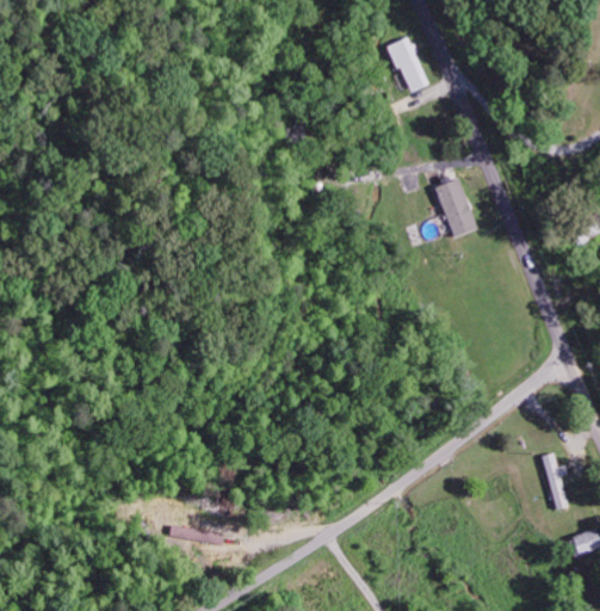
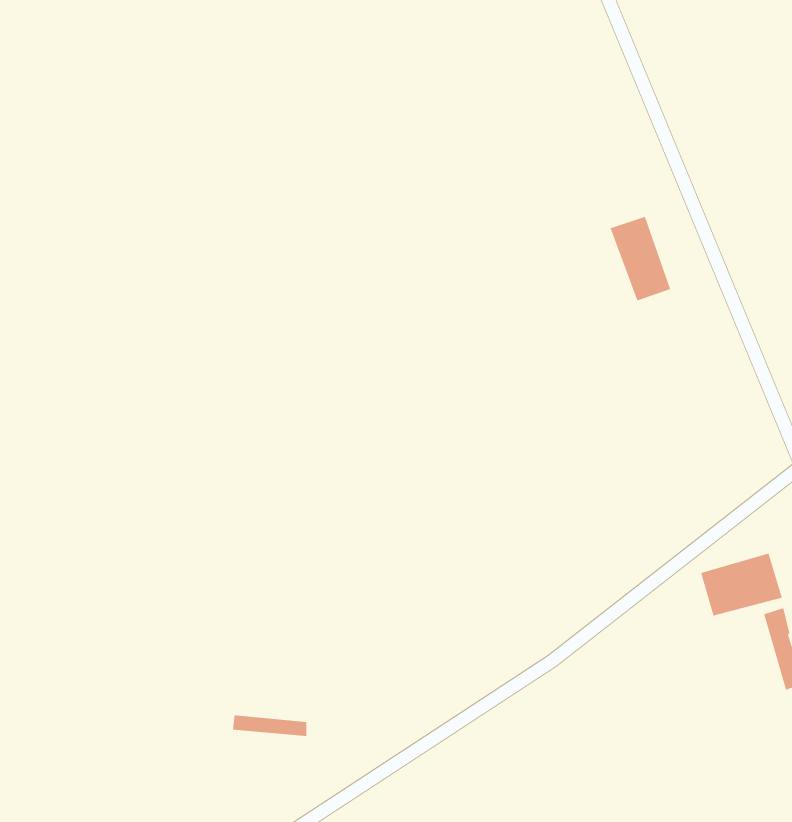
building: [388,36,429,93] -> none
building: none -> [700,553,783,616]

